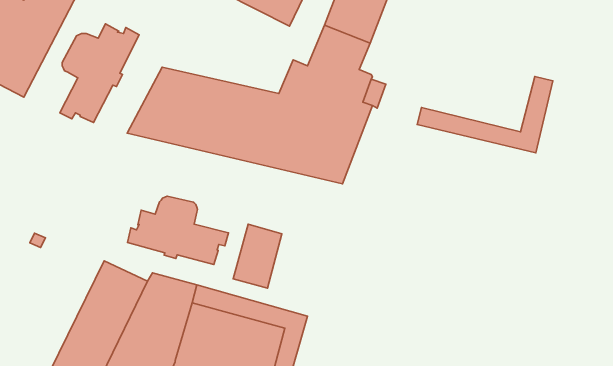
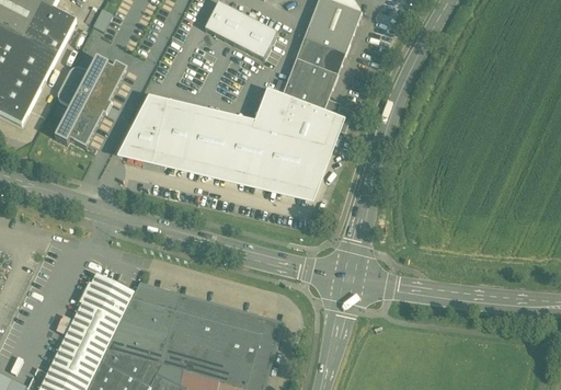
building: [417,77,553,153] -> none
building: [127,196,228,264] -> none
building: [233,224,282,288] -> none

